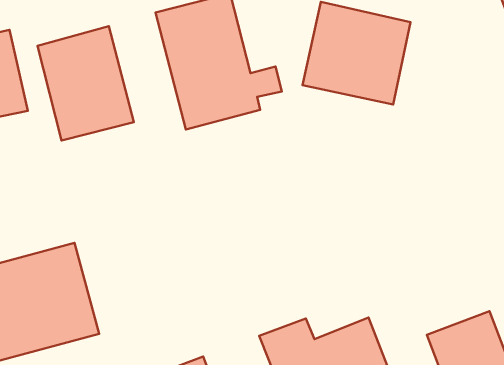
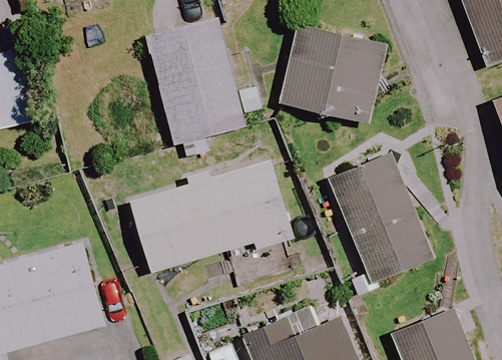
building: [38,26,134,140] -> none
building: none -> [330,154,432,282]
building: none -> [130,160,292,271]

